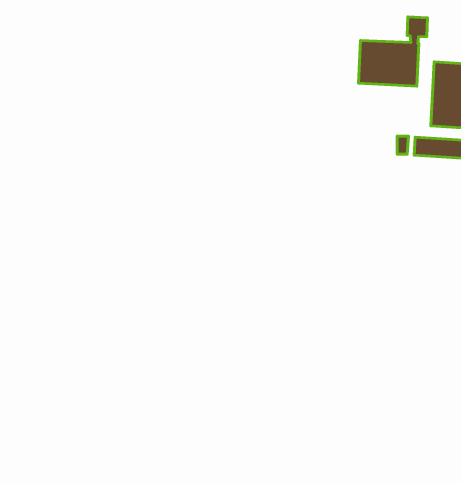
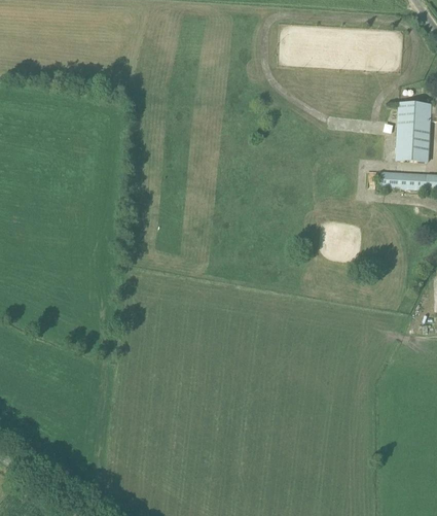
building: [358,17,427,86] -> none

